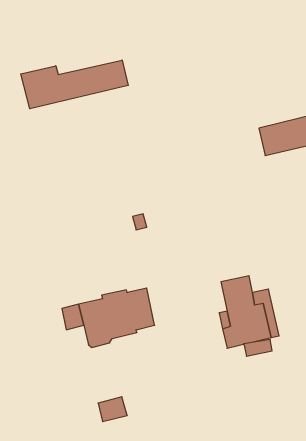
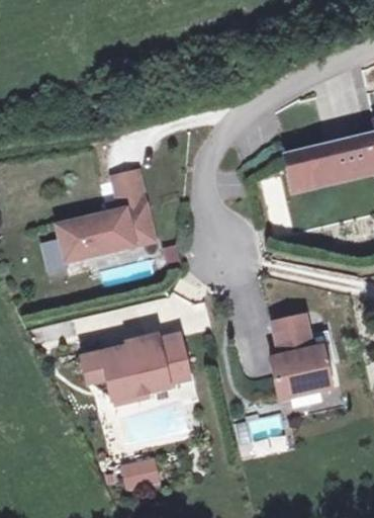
building: [21,60,128,109] -> none
building: none -> [284,150,315,187]
building: none -> [59,171,153,258]

